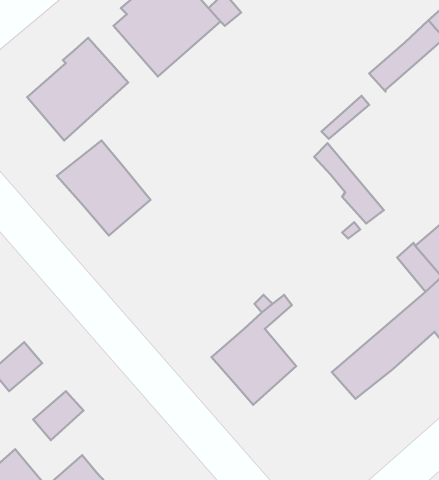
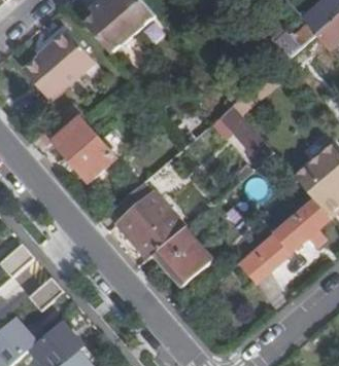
building: none -> [108,180,175,265]

